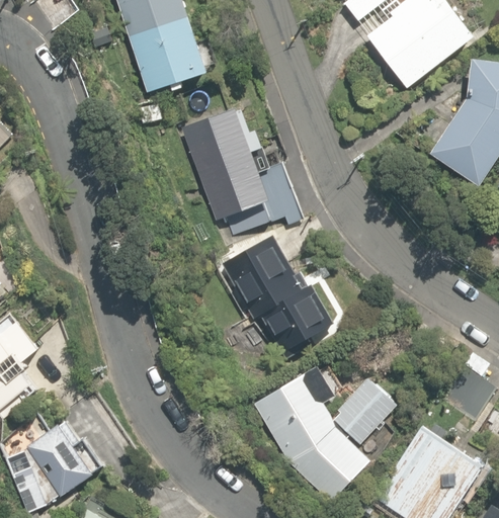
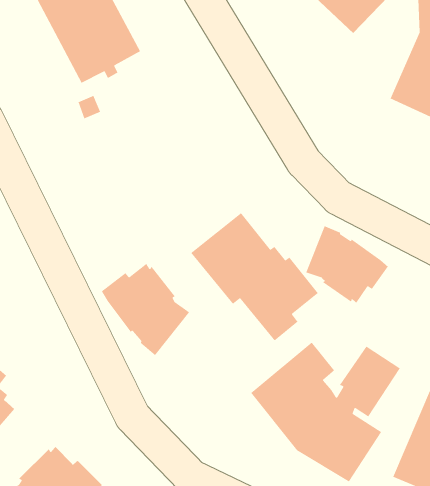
building: [181,108,303,237] -> none
building: none -> [305,225,389,304]
building: none -> [101,263,190,356]

